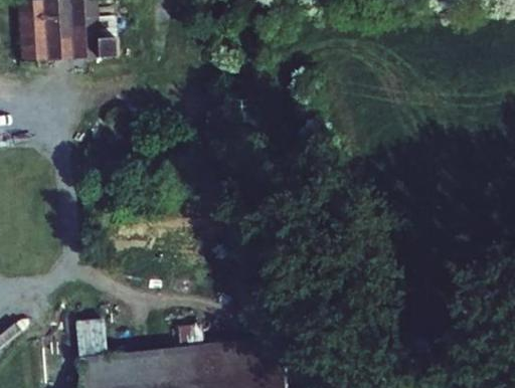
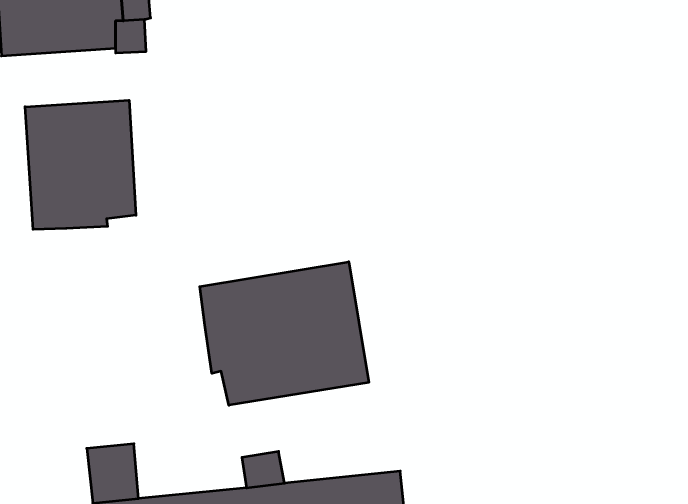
building: none -> [25,100,136,229]
building: none -> [200,262,369,405]

